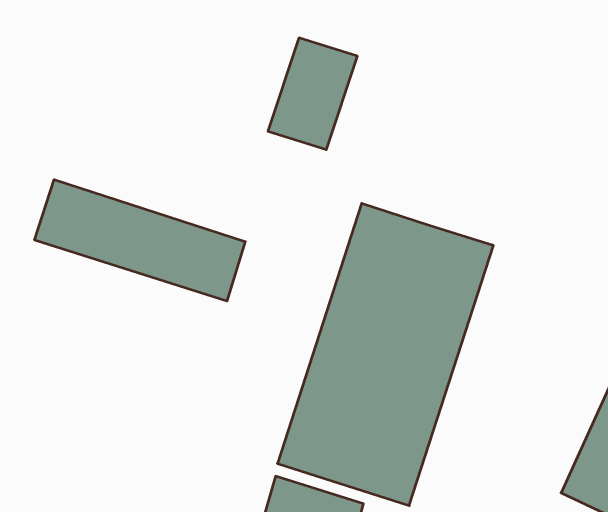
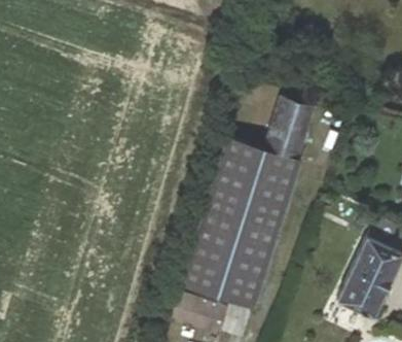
building: [268,38,357,150] -> [264,99,315,162]
building: [35,180,245,301] -> none

